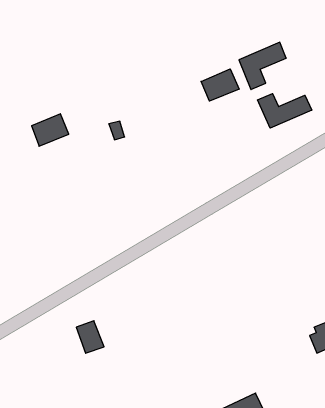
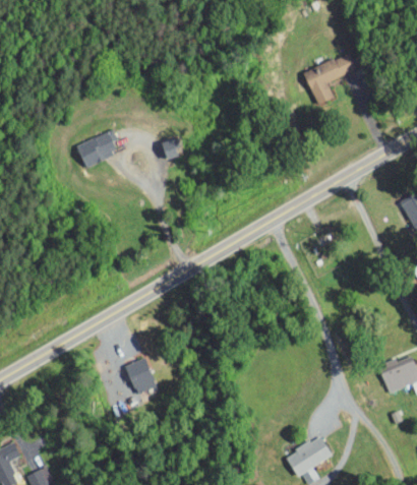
building: [201,69,239,101] -> none
building: [257,94,312,128] -> none

